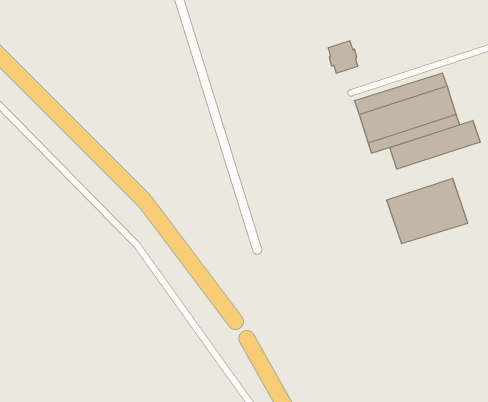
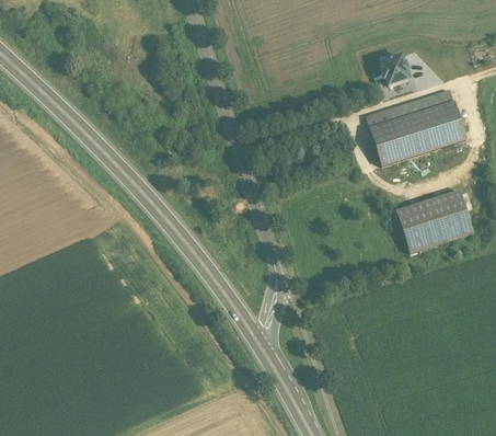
building: [328,41,358,73] -> [380,54,408,84]
building: [390,120,480,169] -> none

